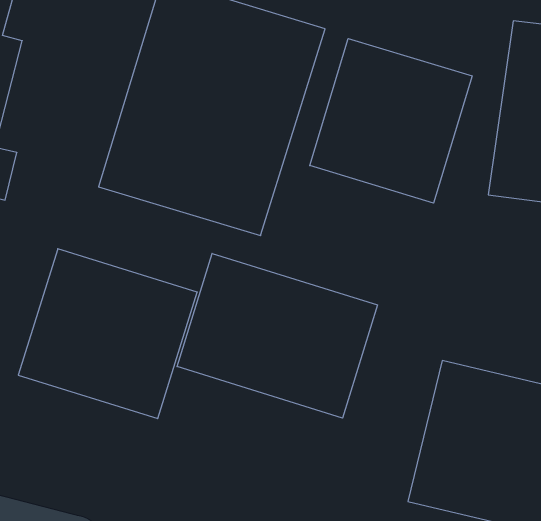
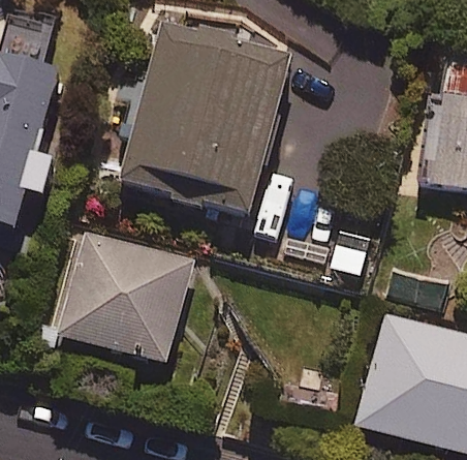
building: [310,39,472,203] -> none
building: [177,253,378,418] -> none

